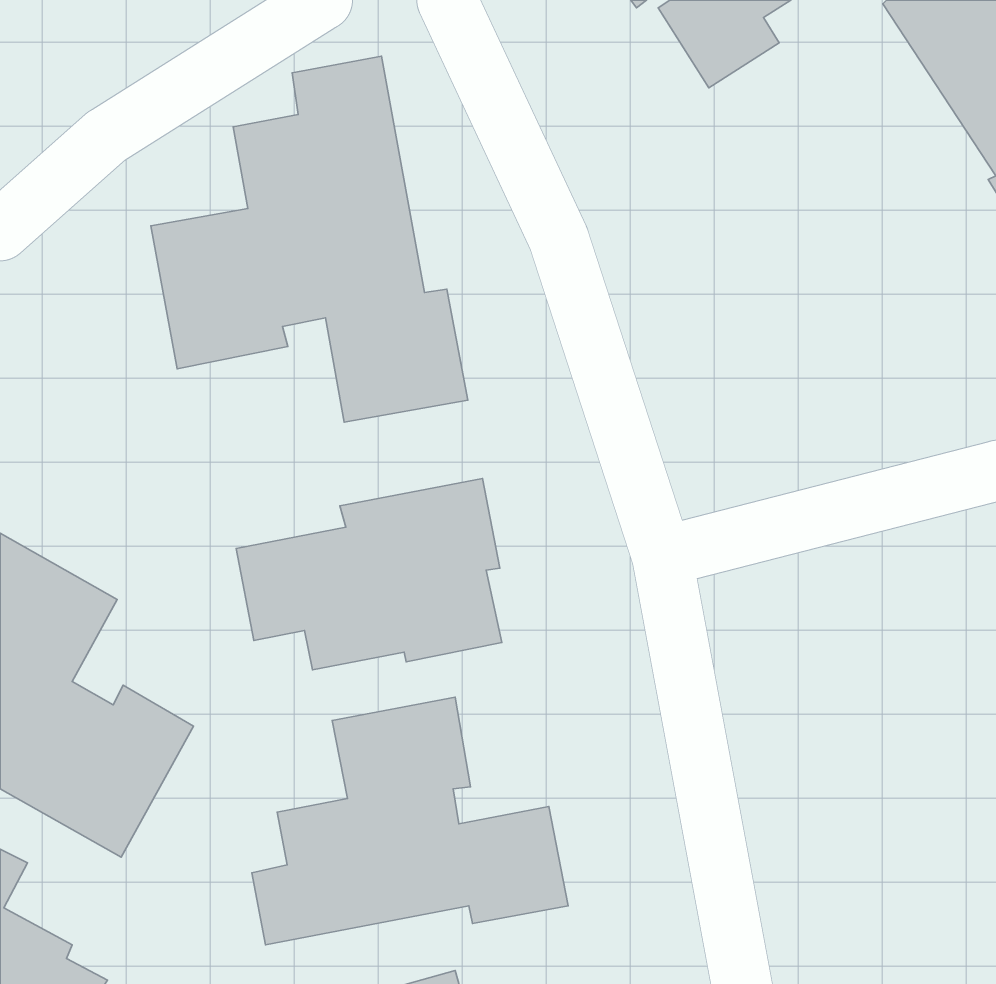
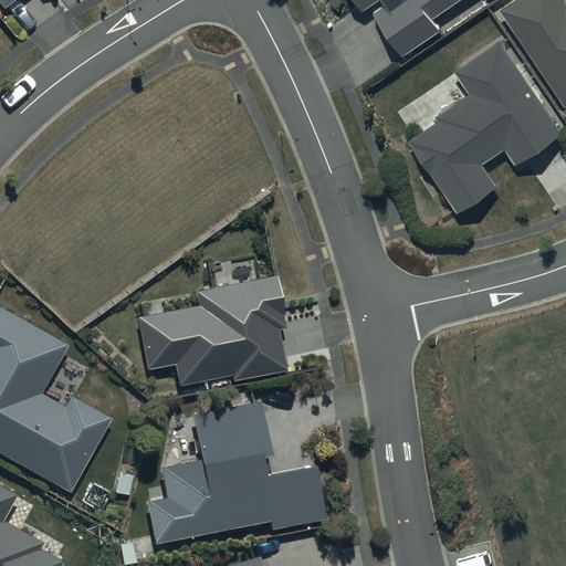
building: [151,56,468,422] -> none
building: none -> [411,43,560,210]

